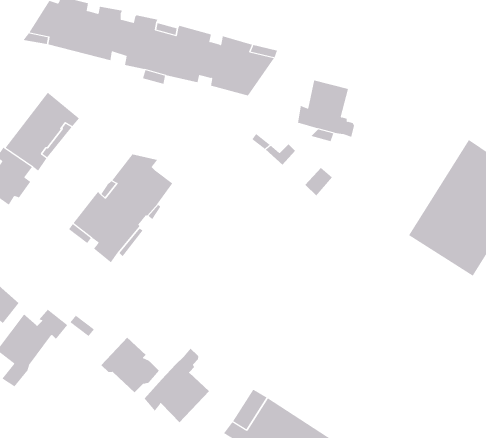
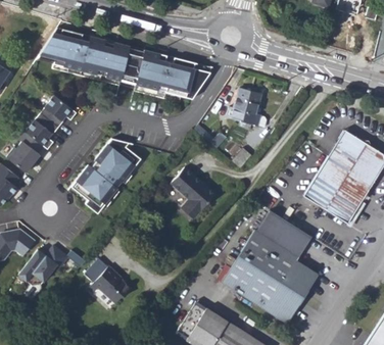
building: none -> [170,165,214,217]
building: none -> [215,209,319,323]
building: [144,348,210,423] -> none

